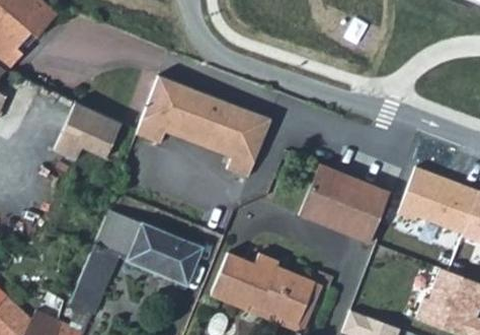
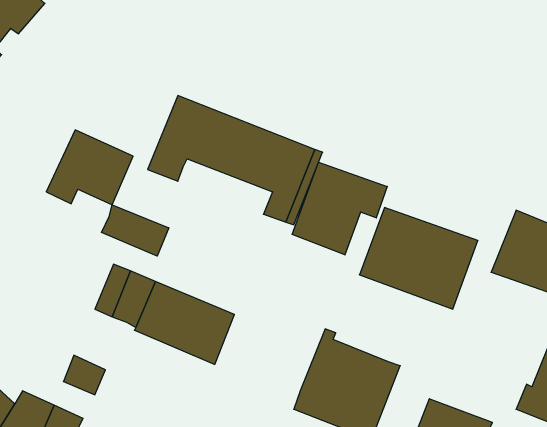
building: none -> [292,162,387,255]
building: none -> [102,205,169,256]
building: [78,243,118,289] -> none
building: [209,253,271,320] -> none

